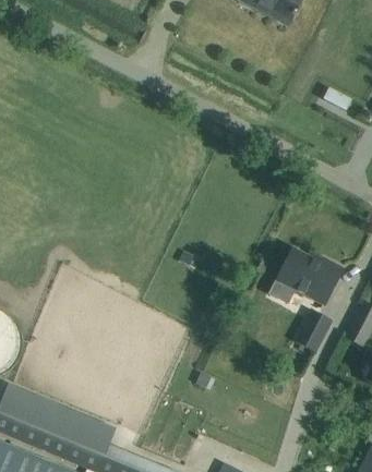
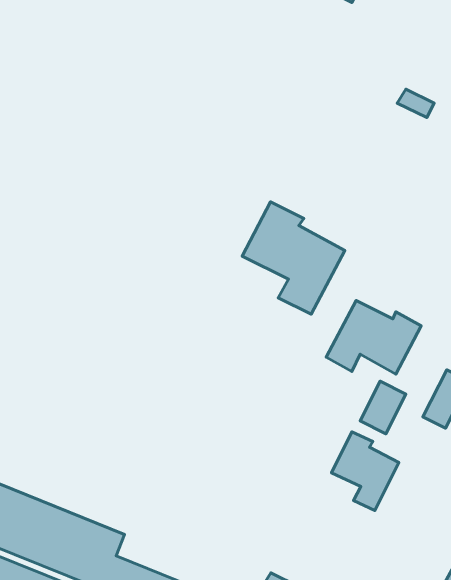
building: none -> [242,202,345,314]
building: none -> [331,432,399,510]

